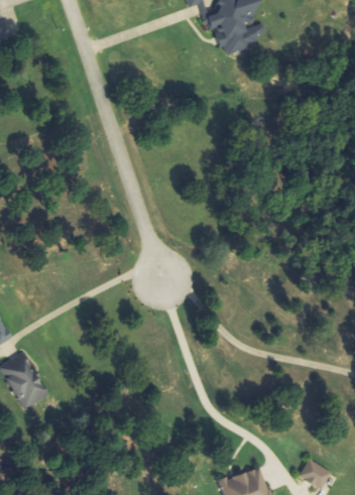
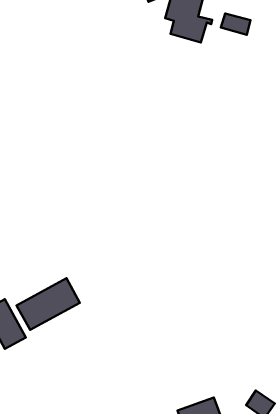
building: none -> [221,13,251,35]
building: none -> [17,278,80,330]

